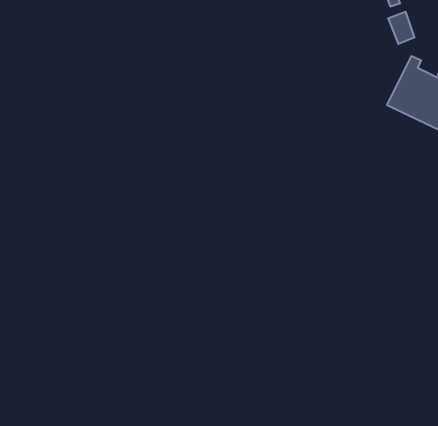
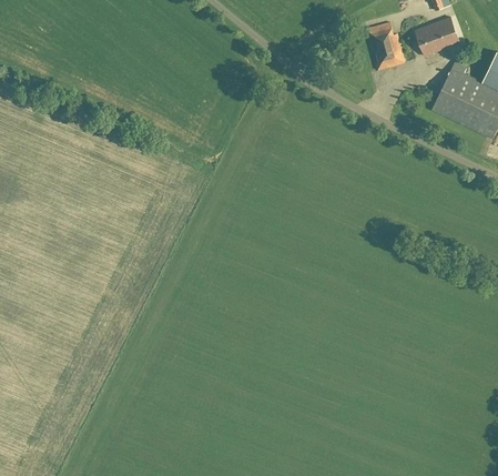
building: none -> [366,22,404,70]
building: none -> [415,23,443,55]

